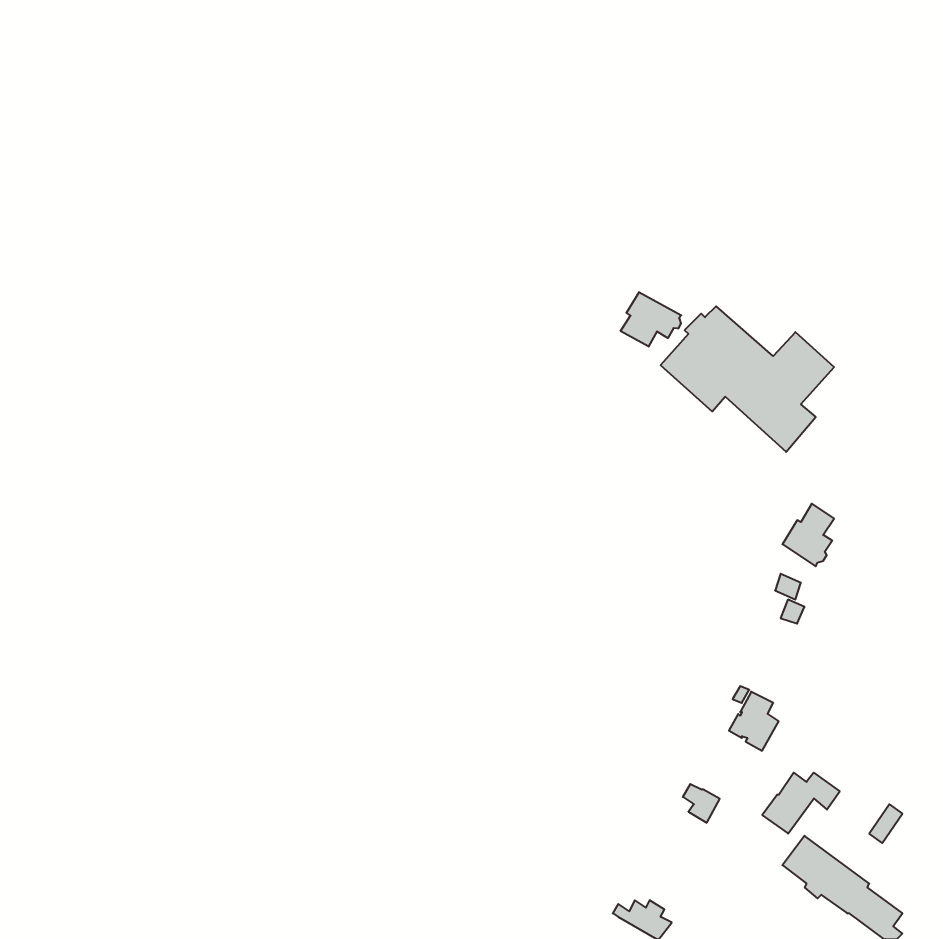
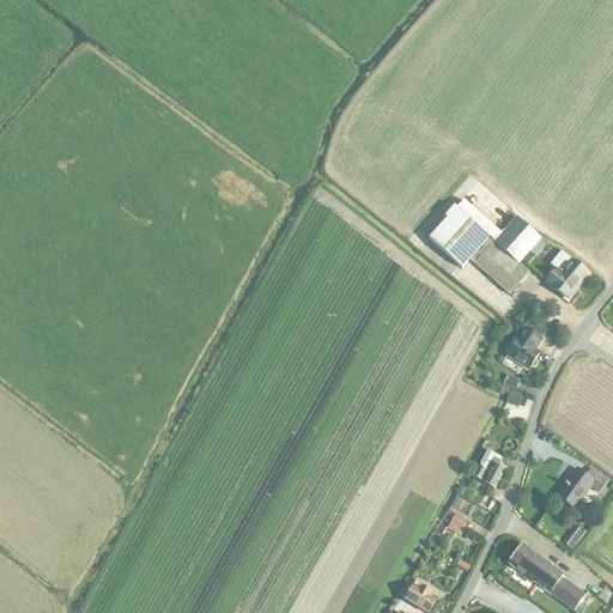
building: [621,292,681,347] -> none
building: none -> [547,255,588,296]
building: [762,773,840,834] -> [557,467,607,506]

